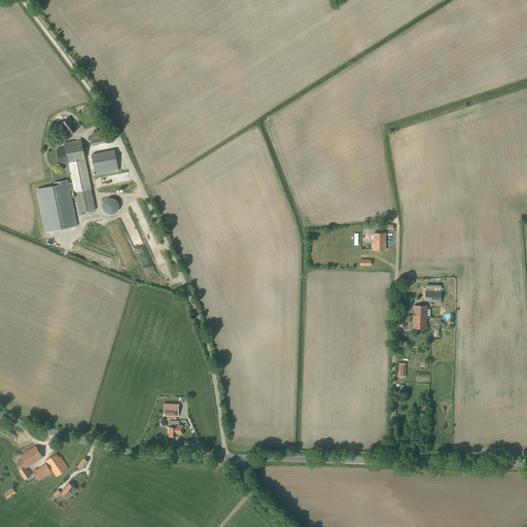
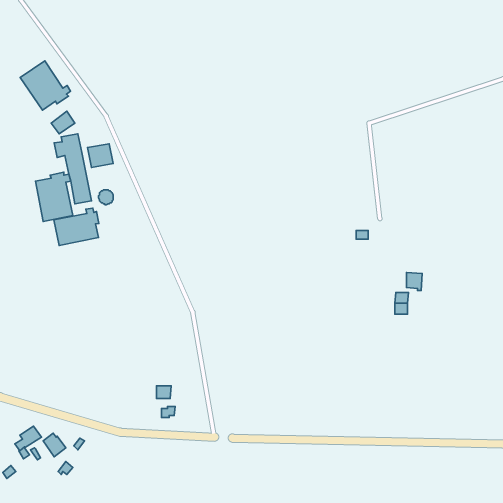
building: none -> [20,61,70,110]
building: none -> [54,208,99,246]

